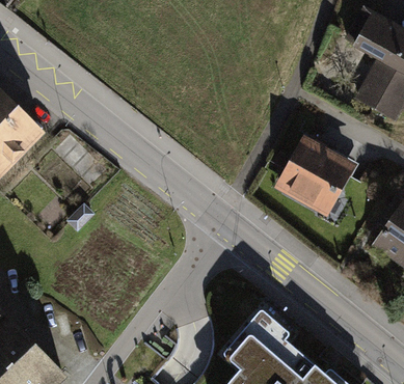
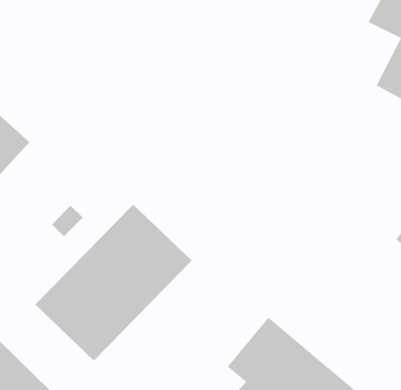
building: [284,143,354,213] -> none
building: none -> [35,204,193,361]

